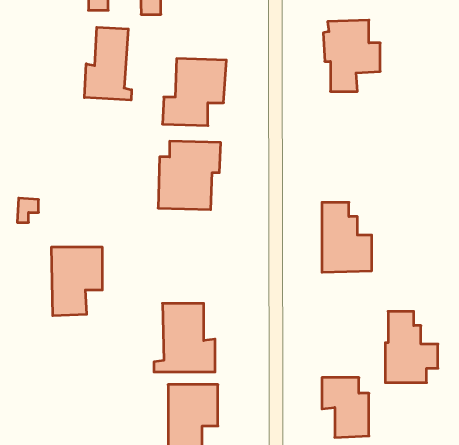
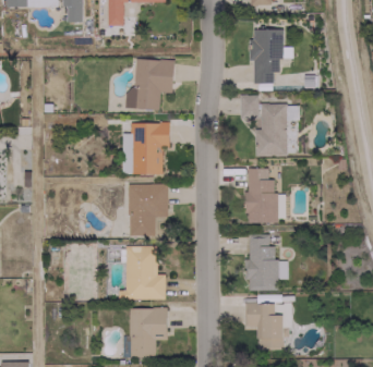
building: [84,27,132,100] -> none
building: none -> [240,95,300,156]
building: [51,247,102,316] -> [129,184,168,236]
building: [385,311,438,383] -> [248,235,288,290]

